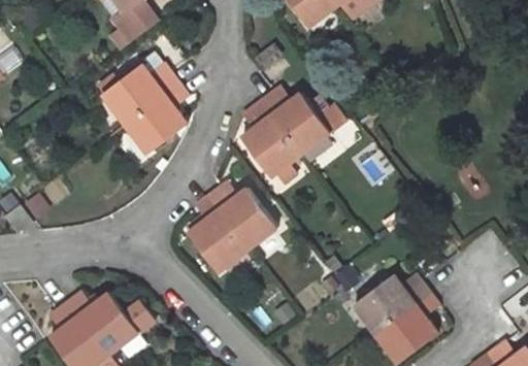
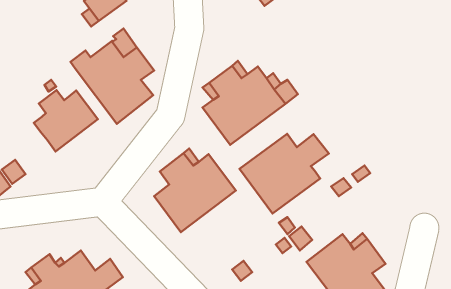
building: none -> [34,90,98,151]
building: none -> [240,134,329,214]

